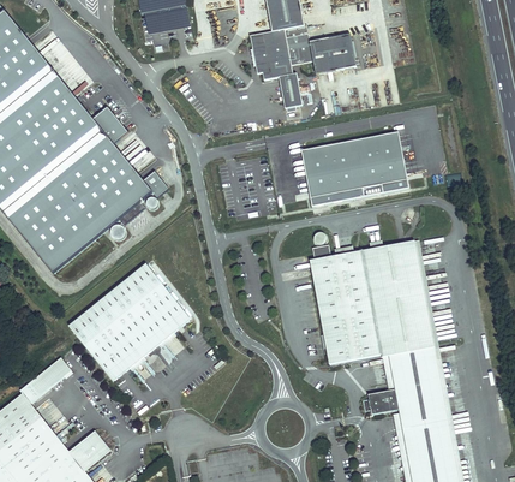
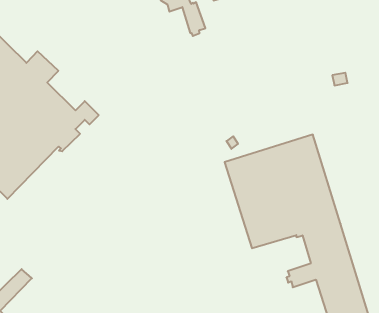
building: [305,136,408,207] -> none
building: [67,262,190,380] -> none

